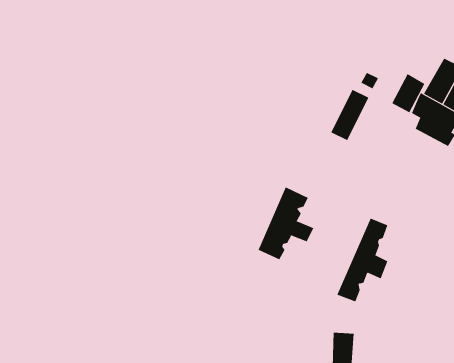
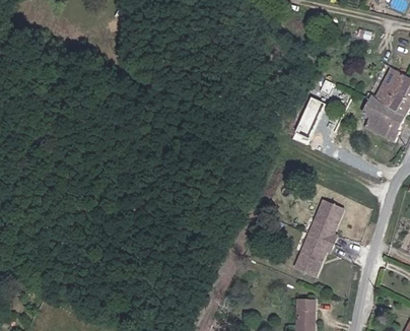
building: [391,73,425,113] -> none
building: [258,186,314,260] -> none

